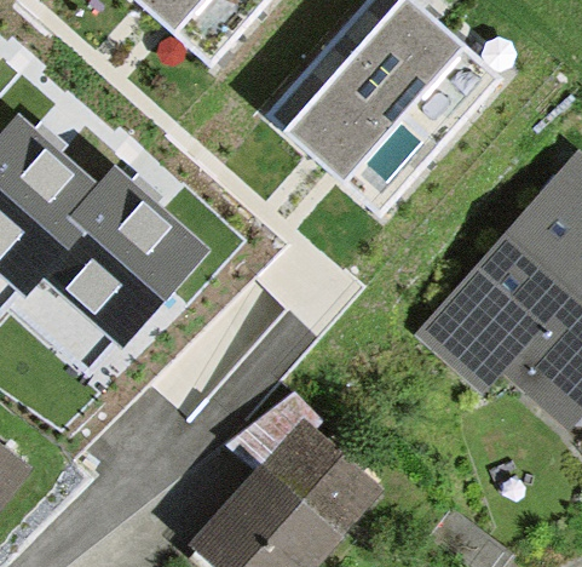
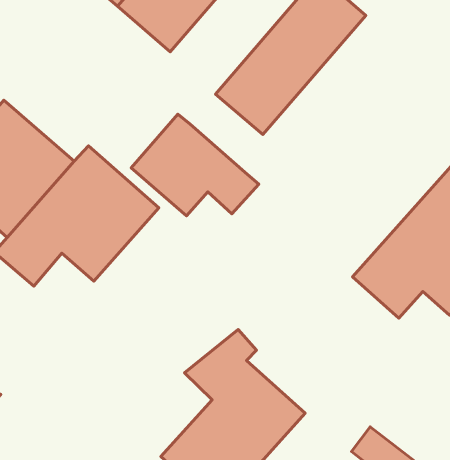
building: [323,22,505,213] -> none
building: none -> [131,114,259,216]

